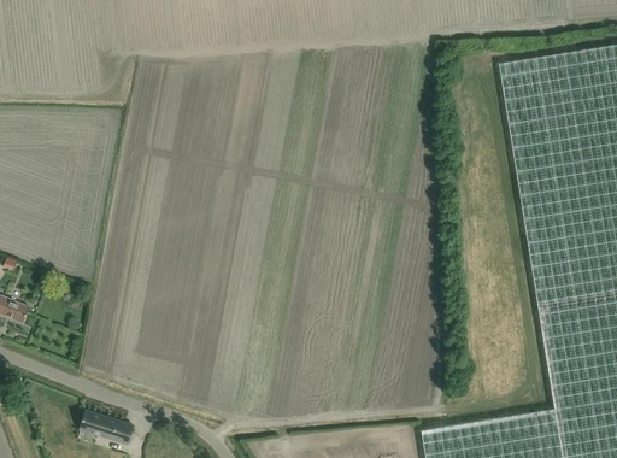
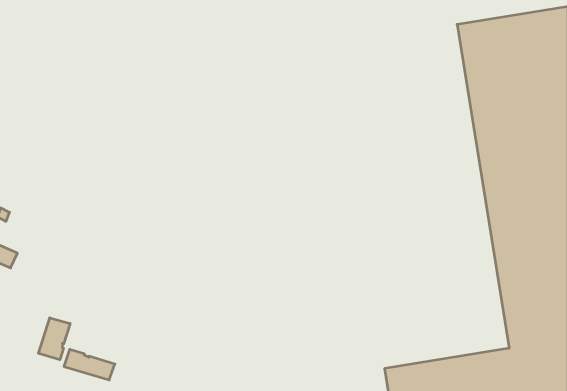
building: none -> [38,318,70,360]

